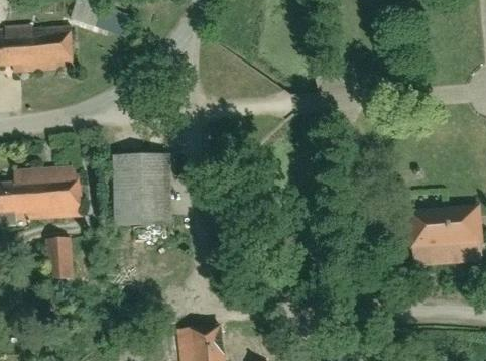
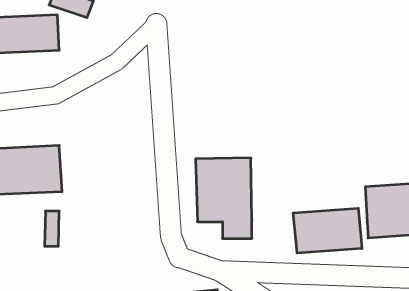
building: [111,154,172,242] -> [196,158,252,238]
building: none -> [293,208,362,253]

